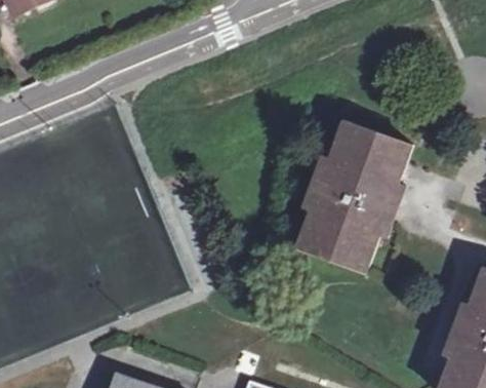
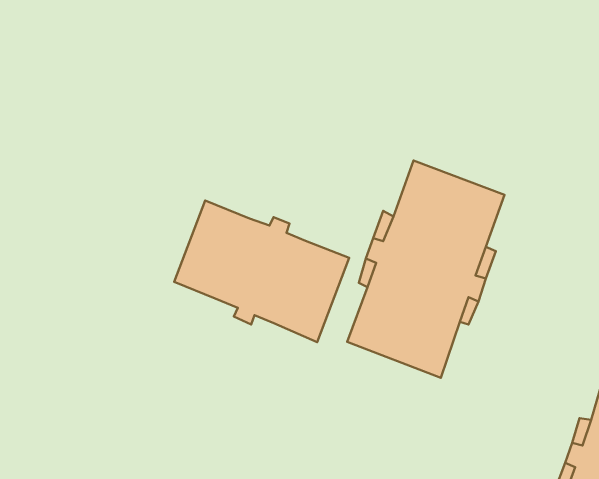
building: none -> [174,201,349,342]

